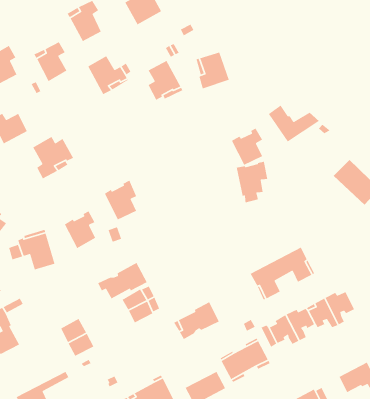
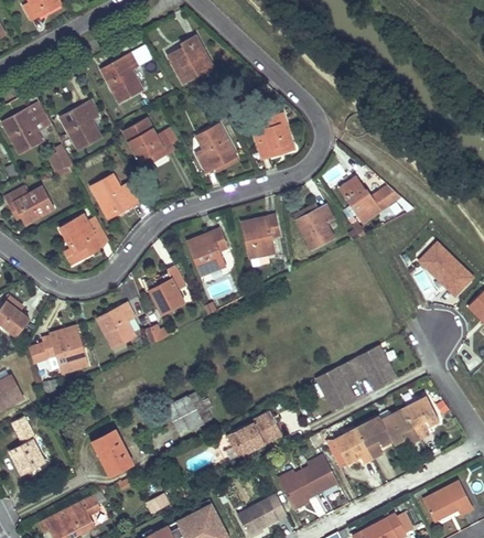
building: none -> [90,174,138,217]
building: none -> [186,228,226,276]
building: [236,161,268,204] -> [240,215,279,266]
building: [97,262,148,299] -> none

